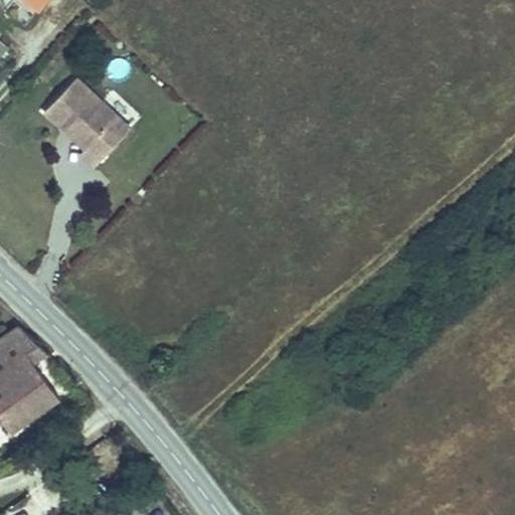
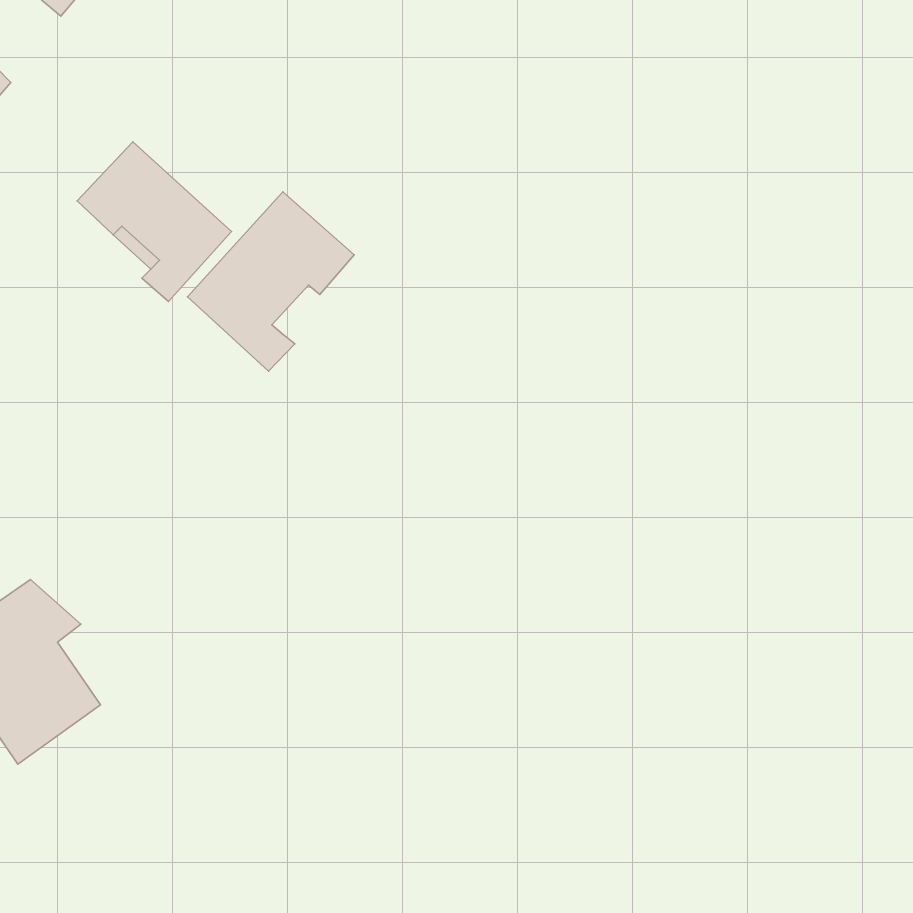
building: none -> [188,192,354,371]

